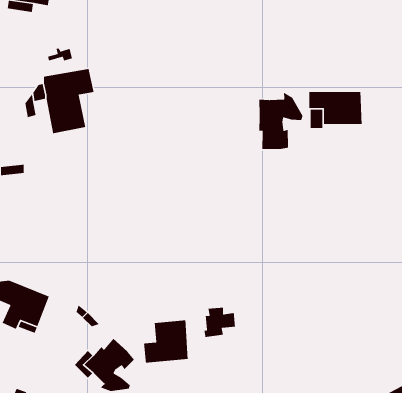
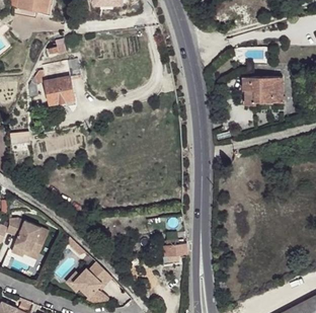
building: [258,91,304,150] -> none
building: [143,320,189,364] -> none

